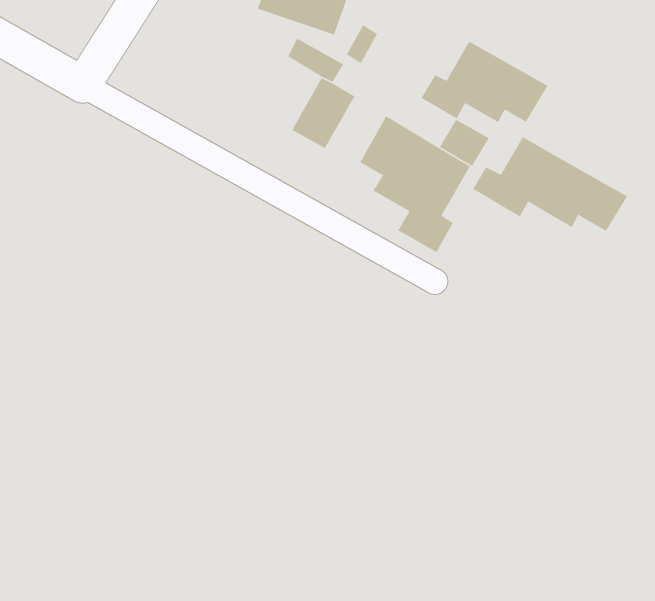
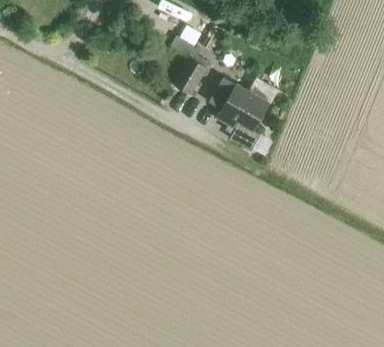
building: [421,41,549,123] -> none
building: [472,136,628,232] -> none

